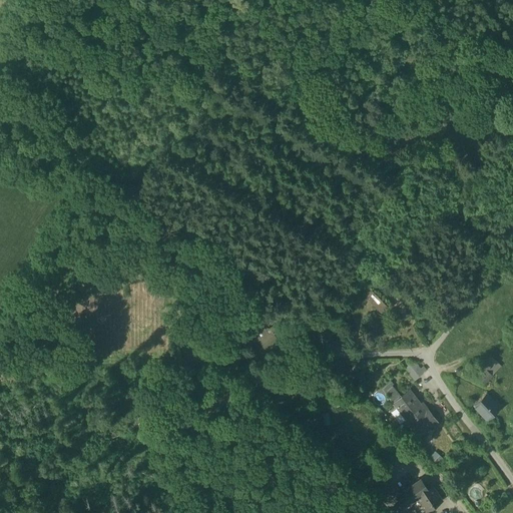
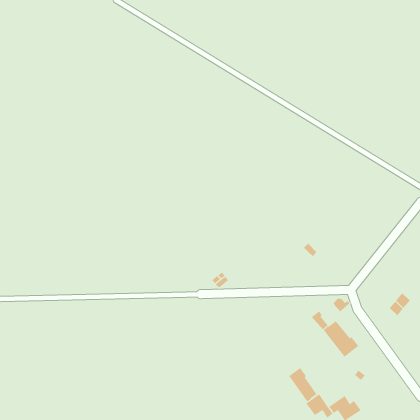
building: [473,395,501,422] -> none
building: none -> [288,367,317,402]

